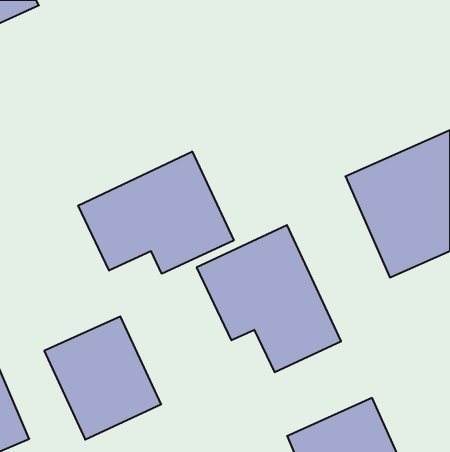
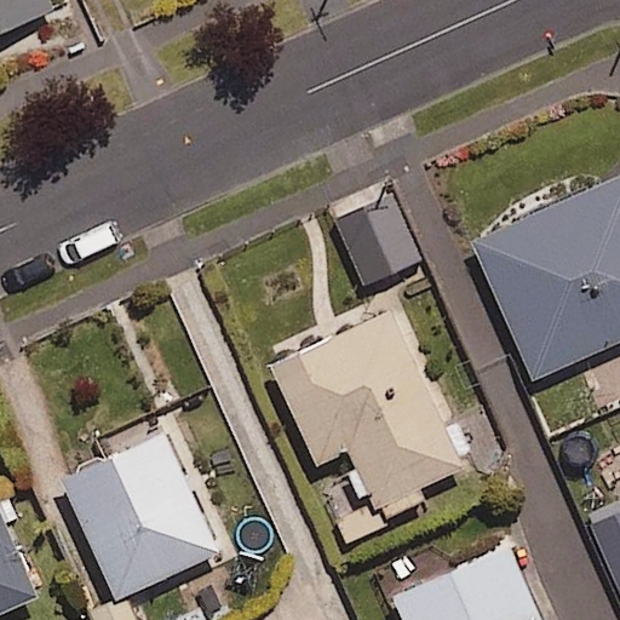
building: none -> [327,183,418,286]
building: [78,151,234,274] -> none

